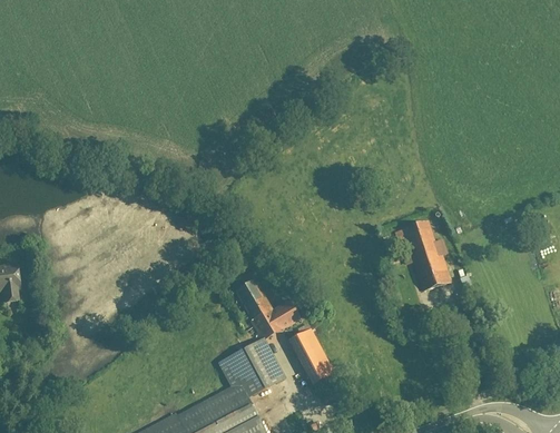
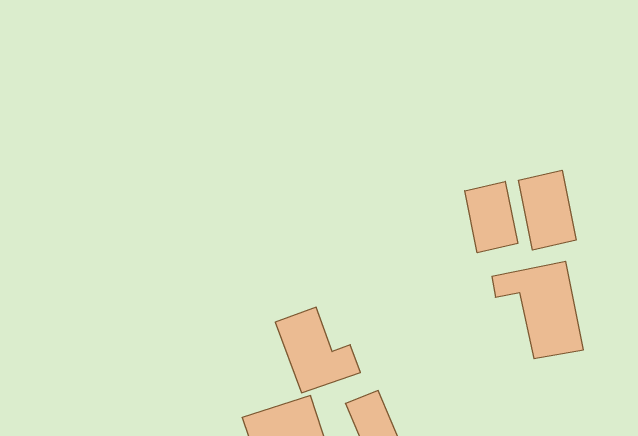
building: none -> [519,170,576,250]
building: none -> [465,181,518,253]

